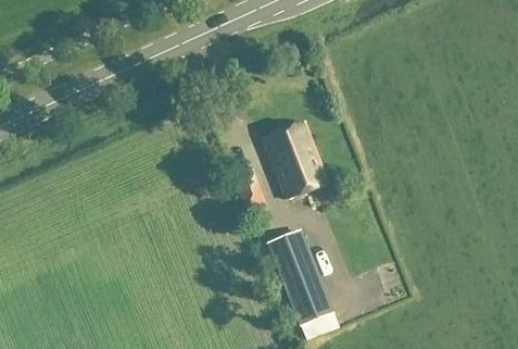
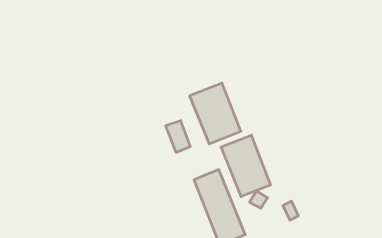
building: none -> [221,135,270,197]

